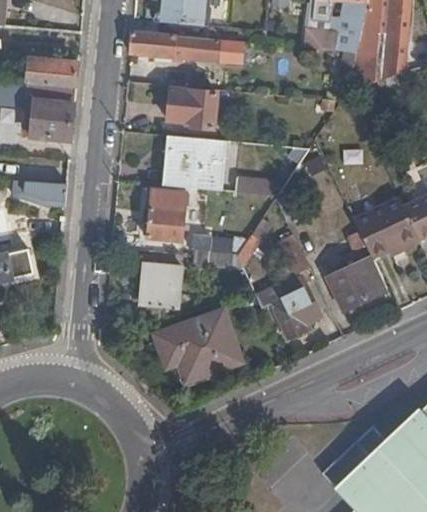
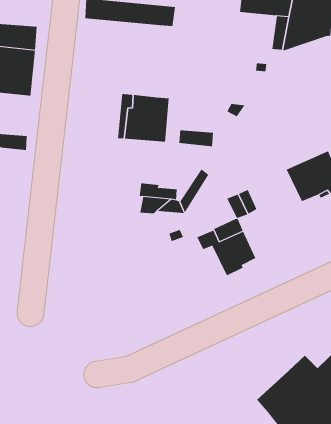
building: [166,88,215,131] -> none
building: [148,191,187,240] -> none
building: [328,256,386,310] -> none
building: [144,261,182,306] -> none
building: [157,315,236,377] -> none

